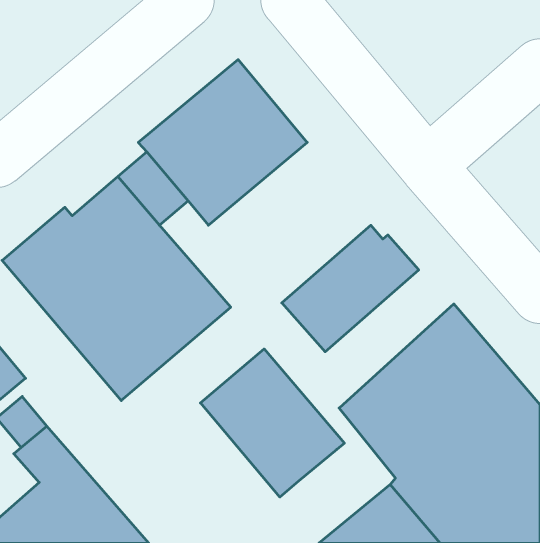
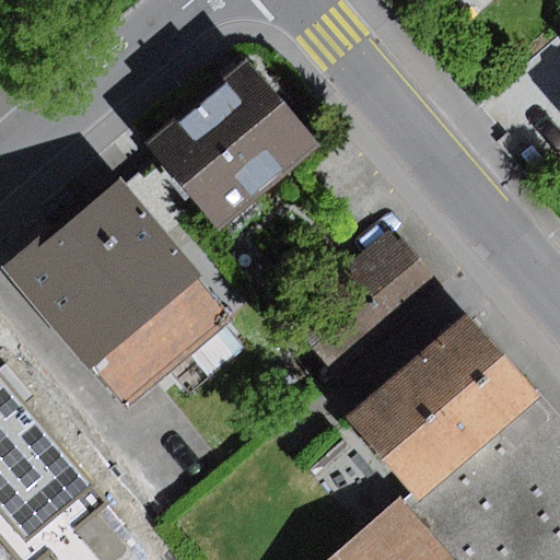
building: [200,349,344,497] -> none

